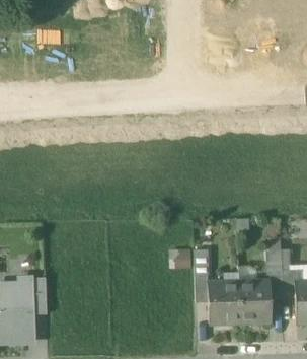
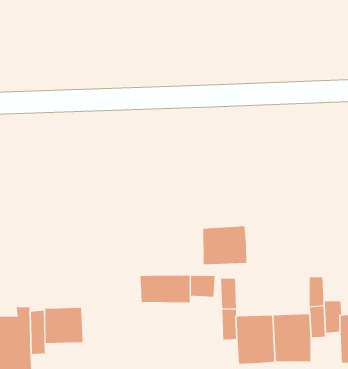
building: none -> [203,225,247,265]
building: none -> [140,275,190,303]
building: none -> [45,307,83,344]

